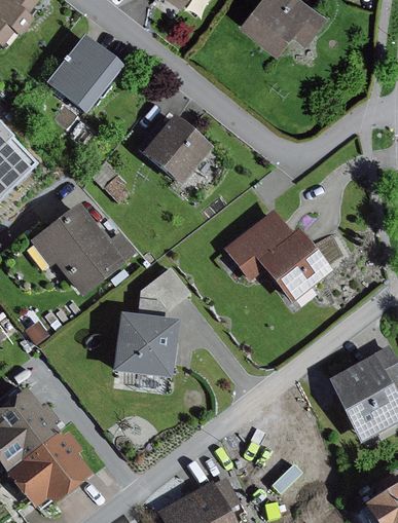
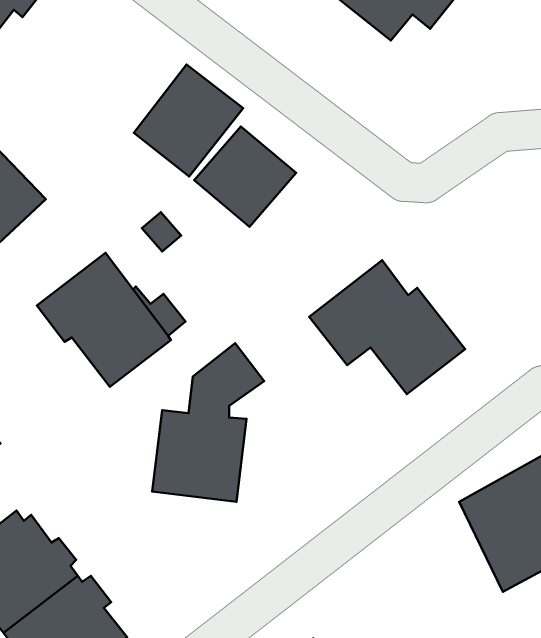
building: [47,33,124,112] -> [134,65,243,177]

